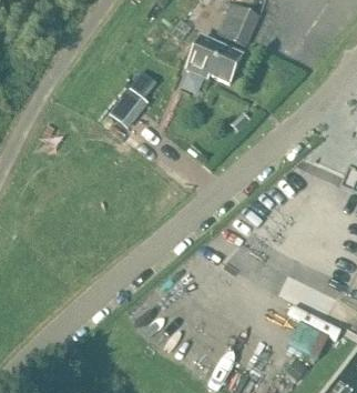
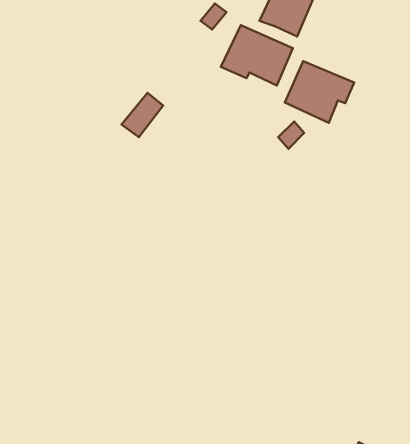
building: none -> [285,61,354,123]

